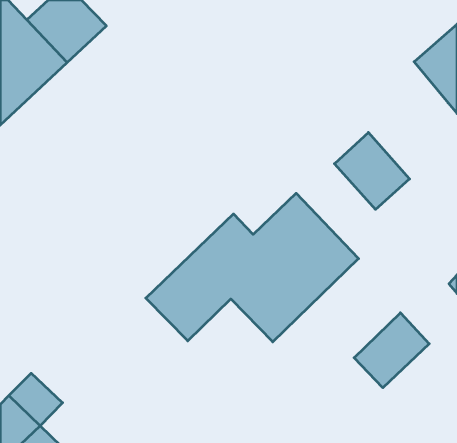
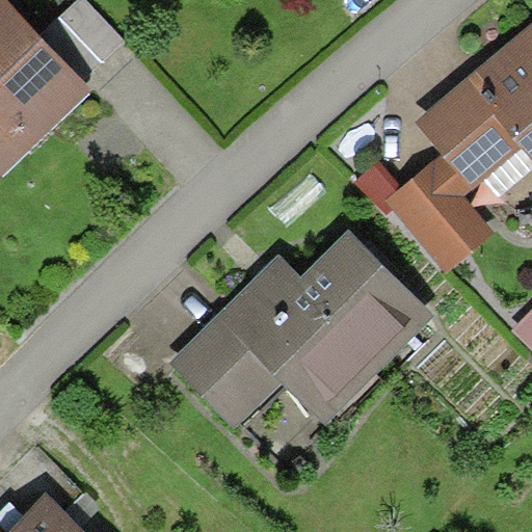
building: none -> [425,80,521,177]
building: [354,313,429,388] -> none

